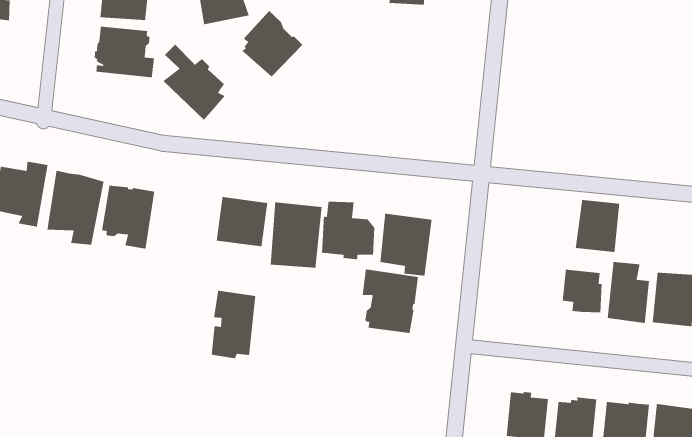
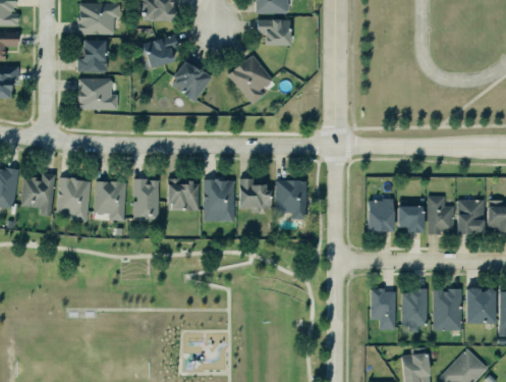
building: none -> [227,54,272,103]
building: [163,44,226,121] -> none
building: [575,199,620,253] -> [368,200,394,232]
building: [362,269,419,334] -> none
building: [211,290,256,359] -> [133,178,160,222]

